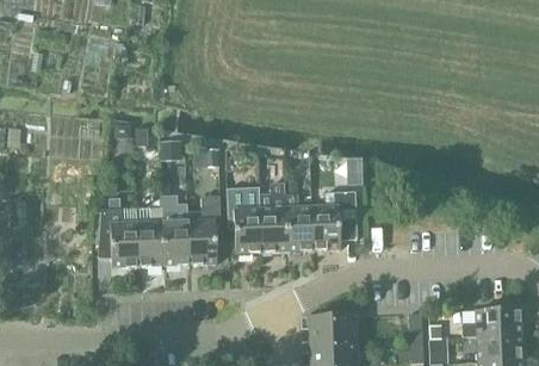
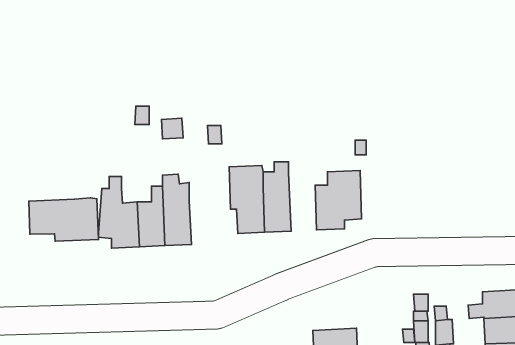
building: [286,193,314,250] -> none
building: [188,194,222,263] -> none
building: none -> [29,198,98,241]
building: [309,315,353,348] -> none

